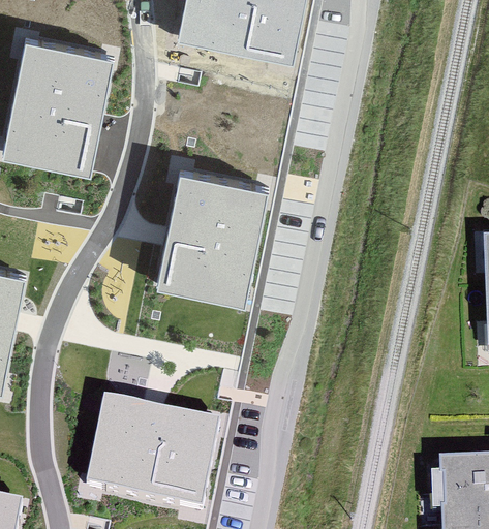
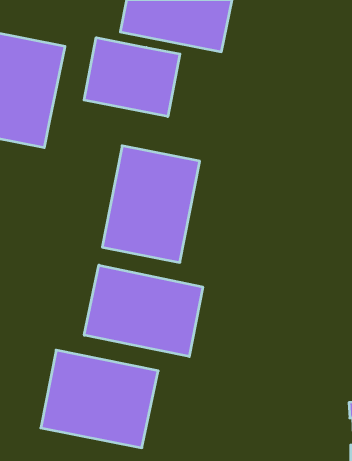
building: none -> [84,38,180,117]
building: none -> [84,265,203,357]

